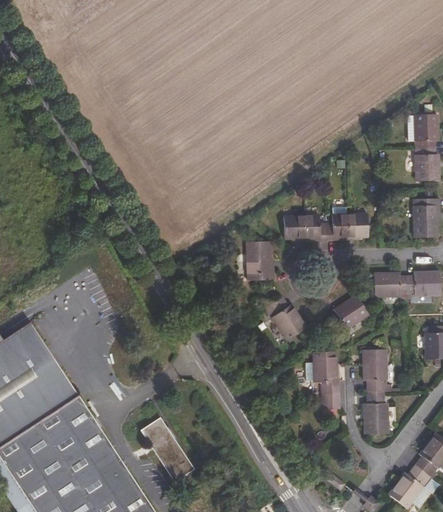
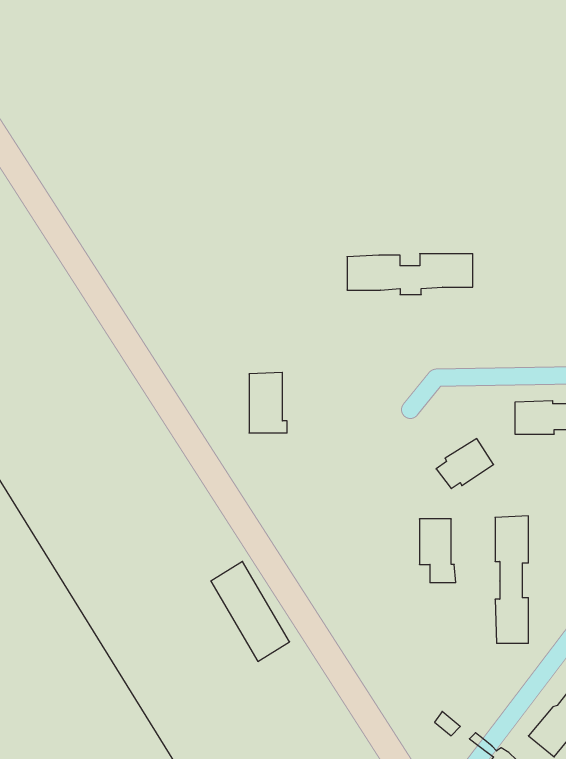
building: [285,213,368,240] -> [347,254,473,295]
building: [248,239,273,279] -> [249,372,287,433]
building: [268,295,304,337] -> none
building: [141,418,193,484] -> [211,561,290,661]

